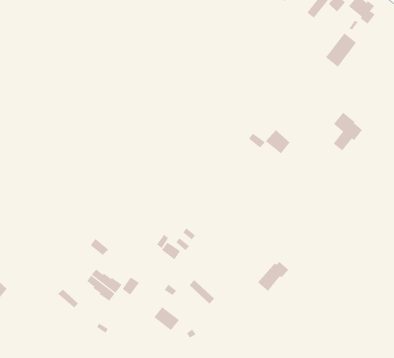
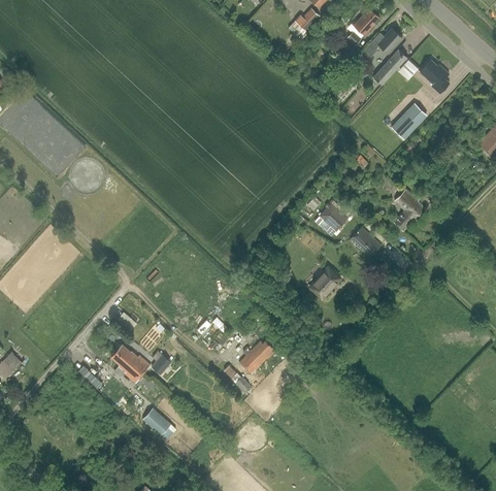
building: none -> [350,228,379,255]
building: none -> [310,268,338,299]
building: [257,261,289,292] -> [239,340,275,373]
building: [153,306,180,331] -> [141,408,170,436]

